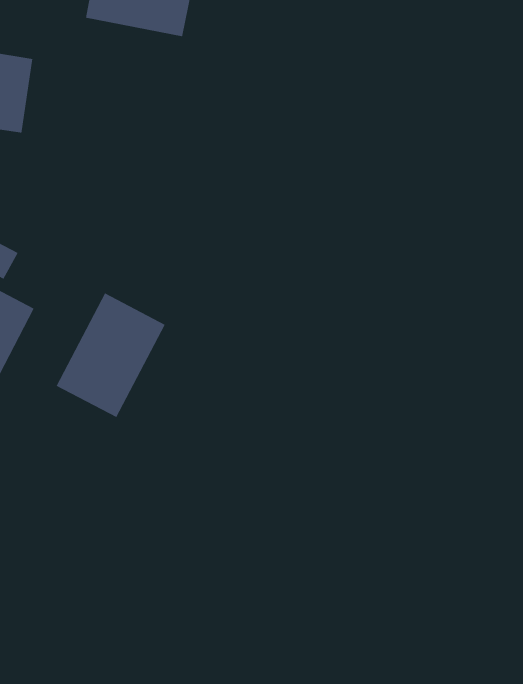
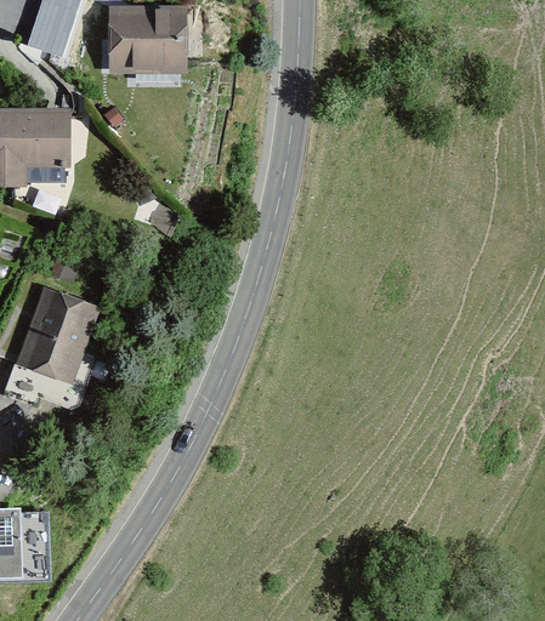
building: [56,293,166,418] -> none

